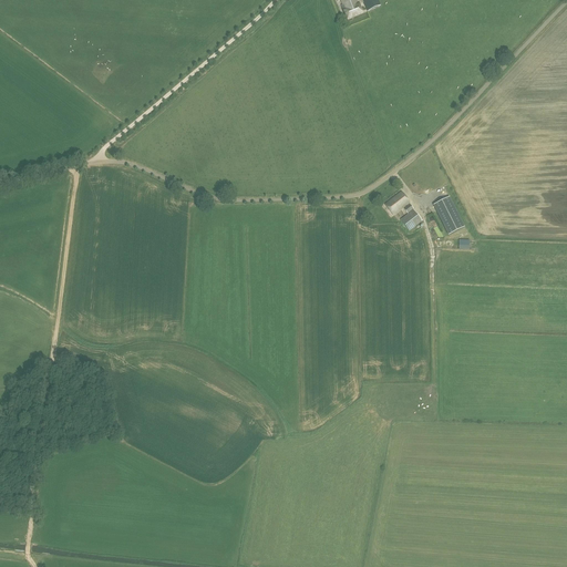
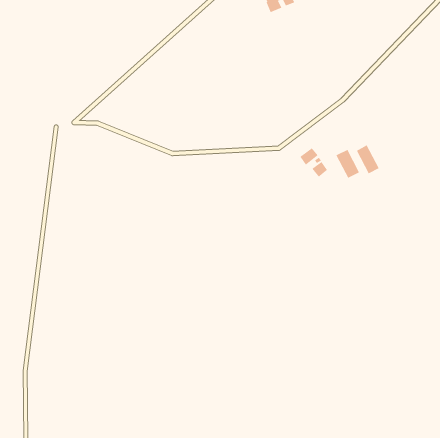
building: none -> [356,144,379,174]

